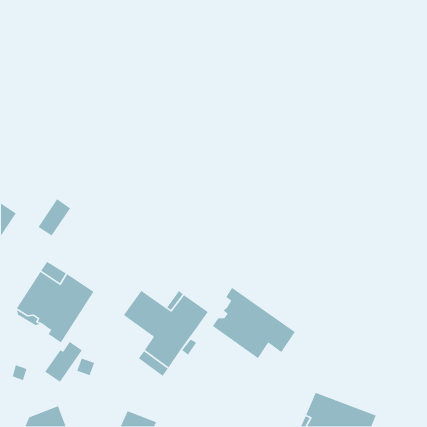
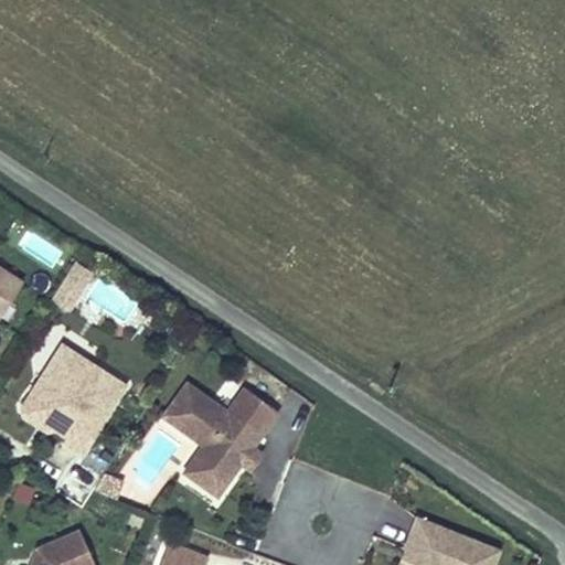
building: [212,287,296,359] -> none

